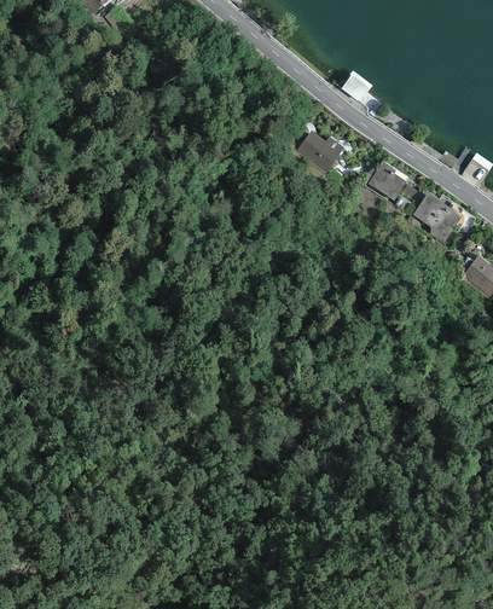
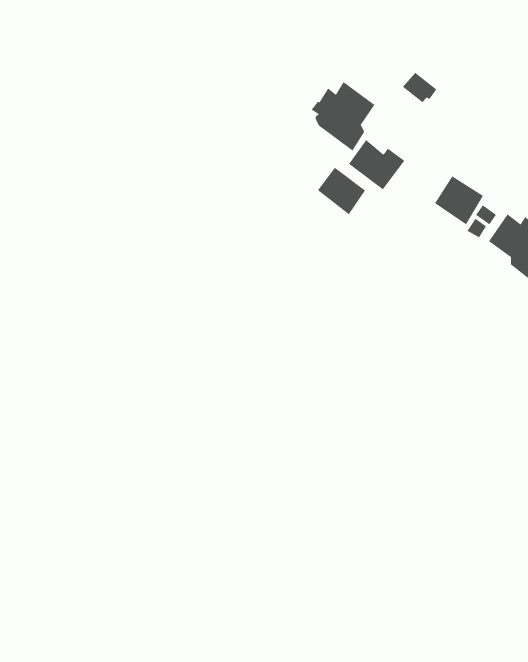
building: none -> [311,81,375,152]
building: none -> [317,167,366,215]

